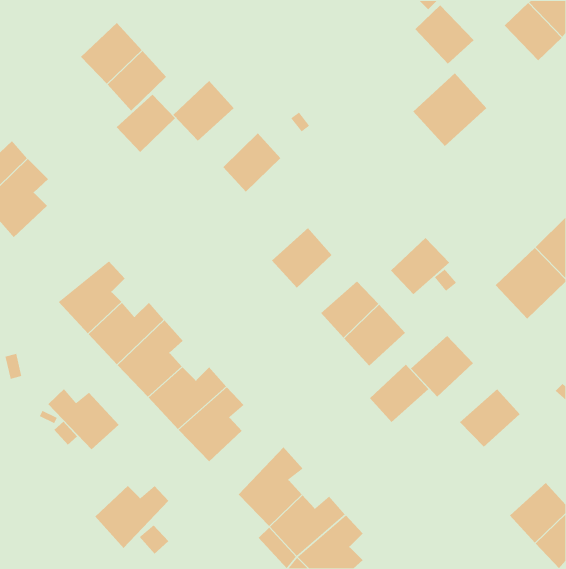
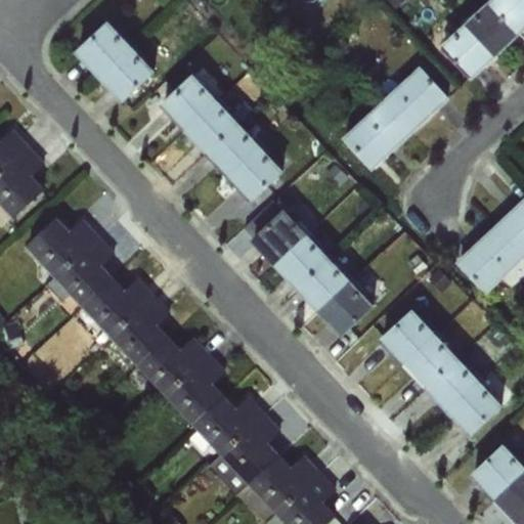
building: [414,5,475,65] -> [440,24,495,79]
building: [116,94,176,153] -> [182,99,237,154]
building: none -> [341,102,409,171]
building: none -> [226,145,283,203]
building: none -> [25,217,100,277]
building: [390,237,450,295] -> [273,234,329,288]
building: [369,364,429,423] -> [402,334,457,388]
building: [48,388,120,450] -> none
building: none -> [445,381,501,436]
building: [95,485,169,549] -> [192,396,261,454]

